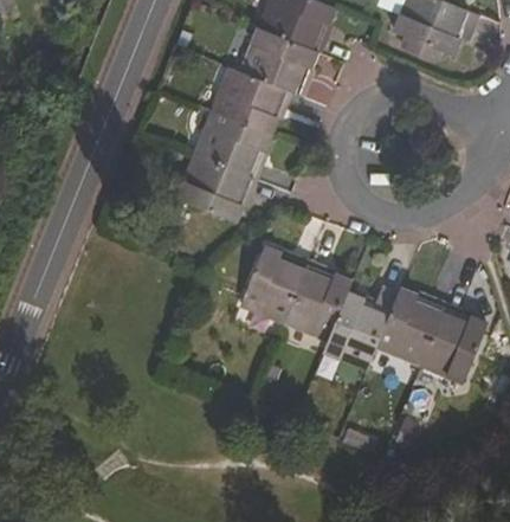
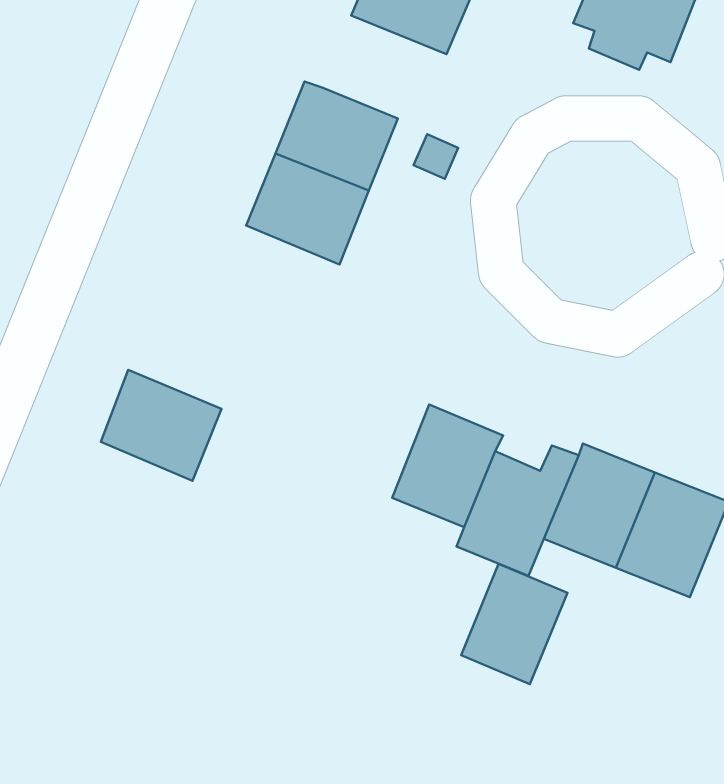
building: [240,27,316,95] -> none
building: [177,155,251,223] -> [101,370,222,481]
building: [238,246,305,321] -> none
building: none -> [461,564,567,684]

